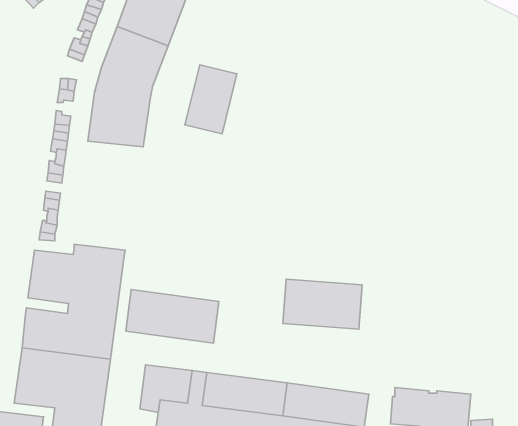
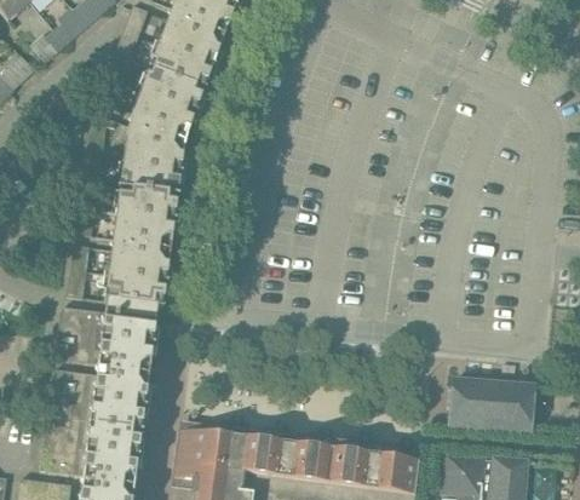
building: [185,65,237,134] -> none
building: none -> [104,188,178,305]
building: [283,279,362,329] -> [449,377,534,430]
building: [126,289,219,343] -> none

